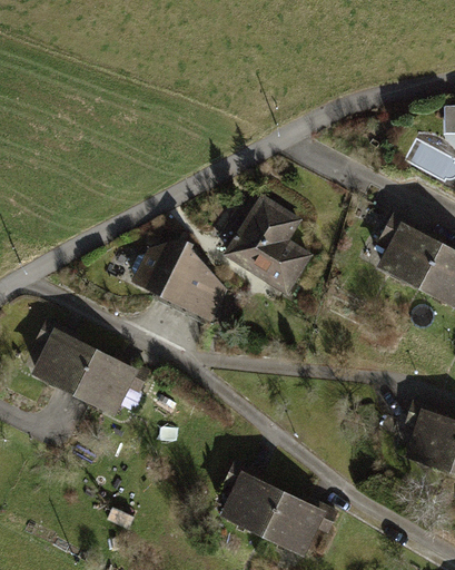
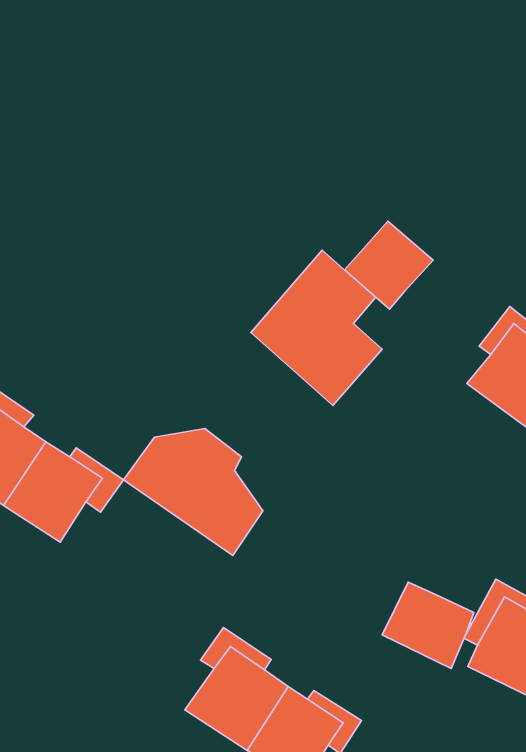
building: none -> [344,221,433,309]
building: [130,238,228,322] -> [124,428,263,555]
building: none -> [382,582,474,668]

